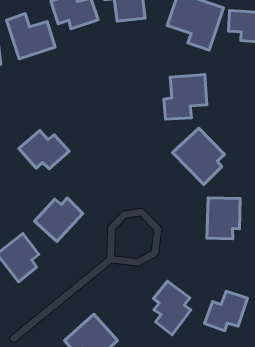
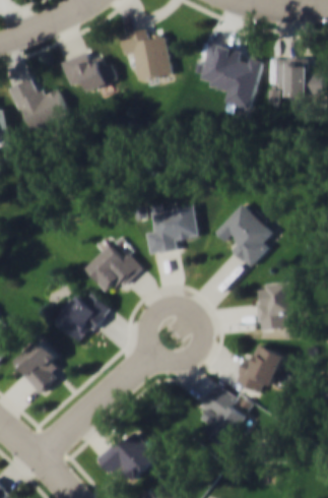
building: [164,75,207,119] -> [146,201,197,256]
building: [19,130,69,169] -> [83,246,142,291]
building: [205,291,247,331] -> [234,347,282,393]

